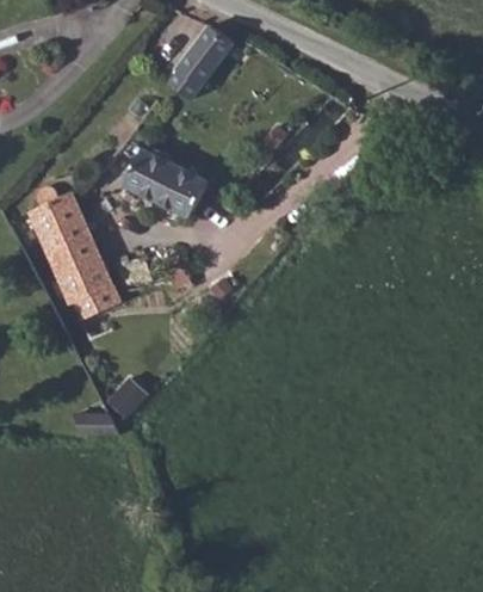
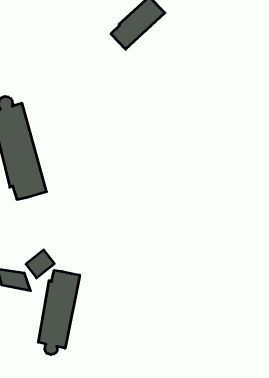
building: [122,149,206,217] -> none
building: none -> [38,270,80,355]

